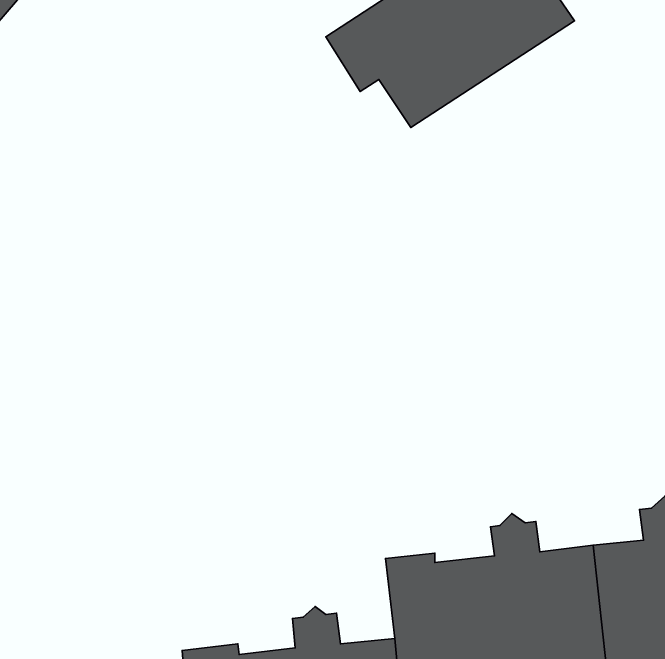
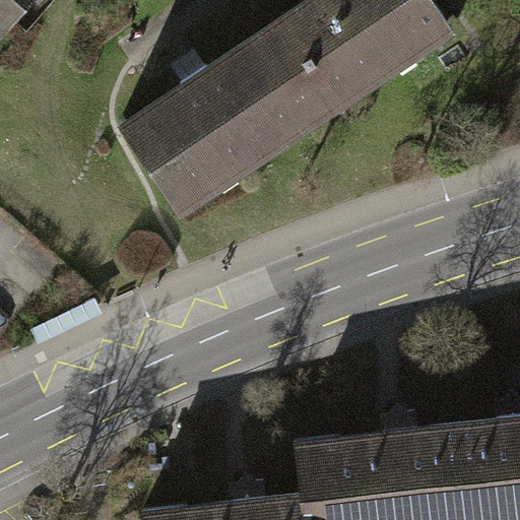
building: none -> [123,40,324,207]

